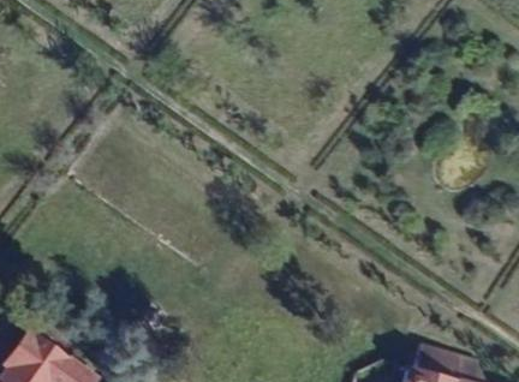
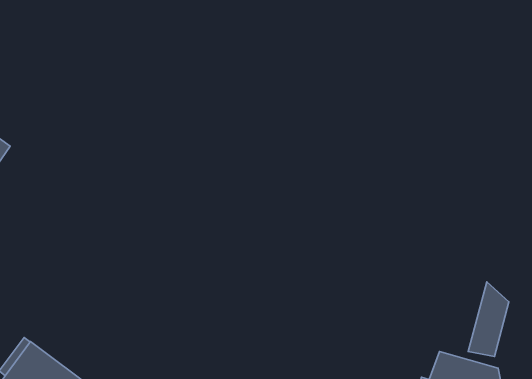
building: none -> [468,282,509,356]

